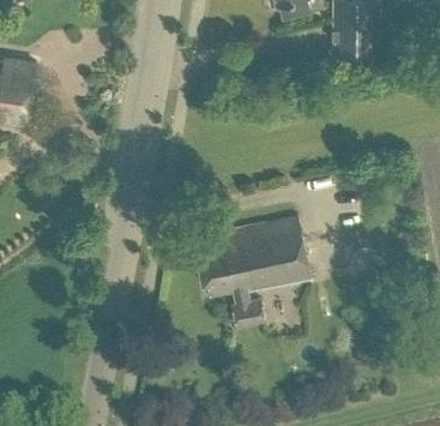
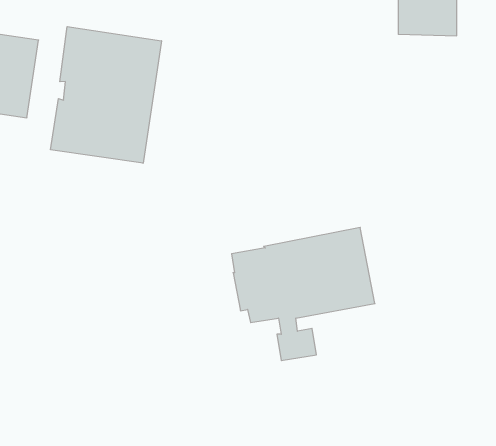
building: none -> [51,27,161,163]

